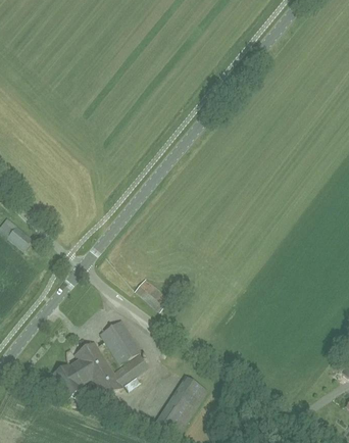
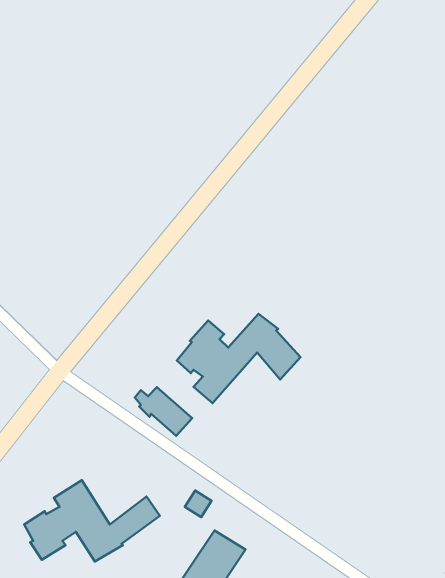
building: none -> [177,314,300,403]
building: [99,318,139,362] -> none

